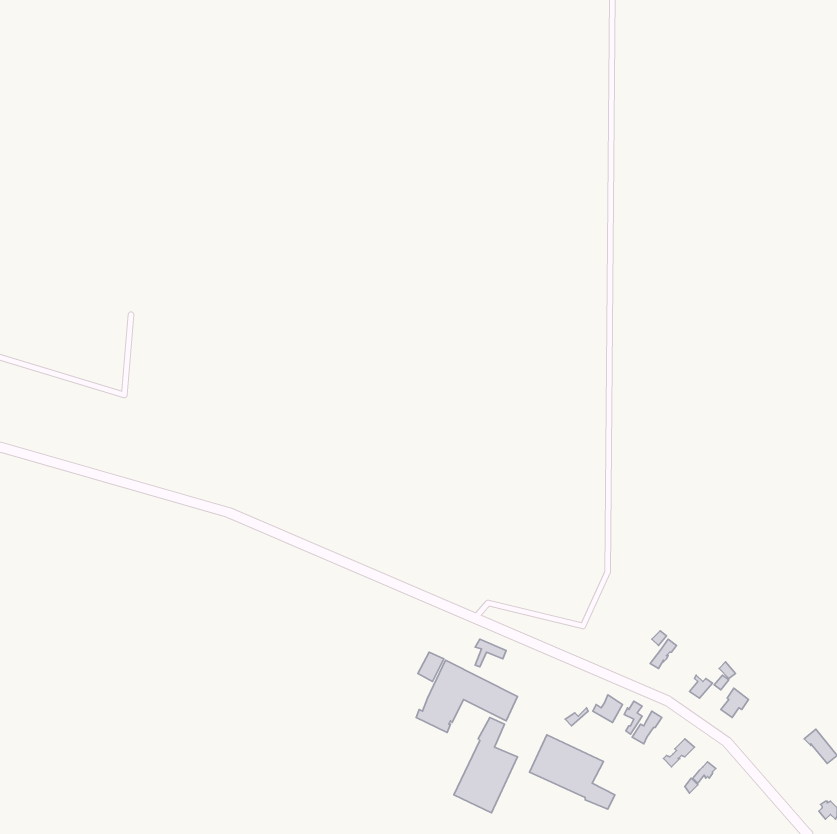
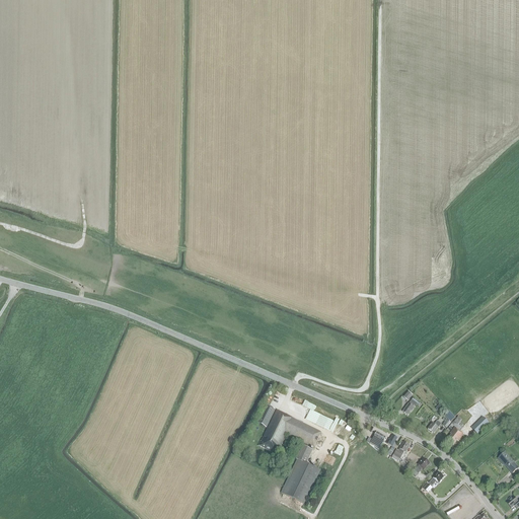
building: [530,735,615,809] -> none

